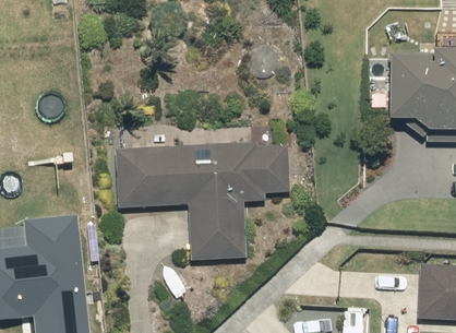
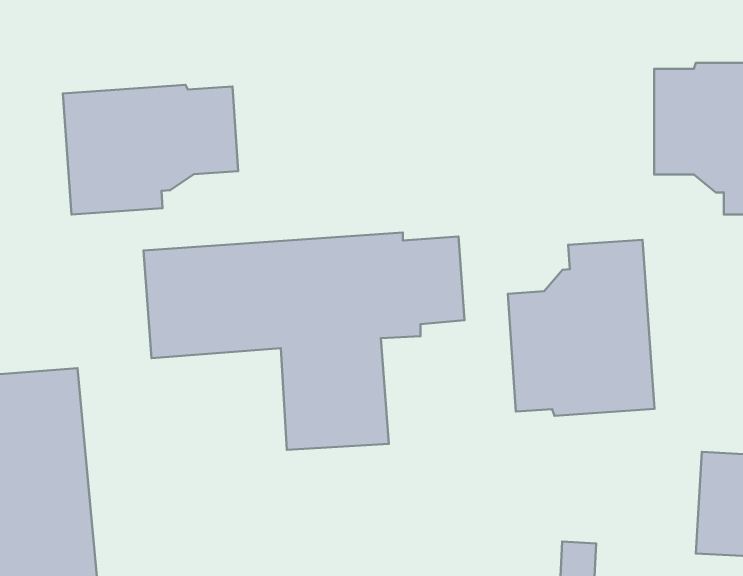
building: none -> [63,85,238,215]
building: none -> [508,240,654,416]

